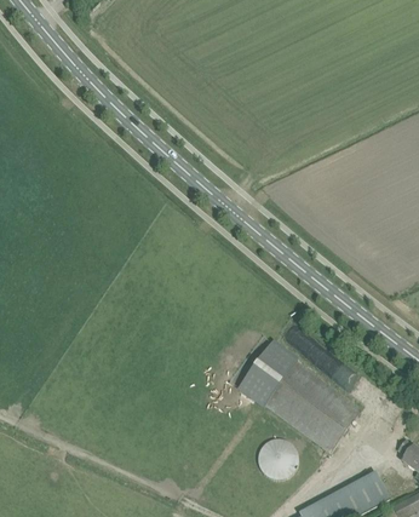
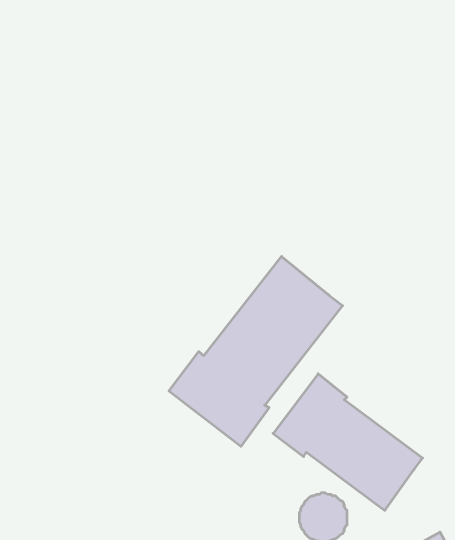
building: none -> [169,256,343,446]

